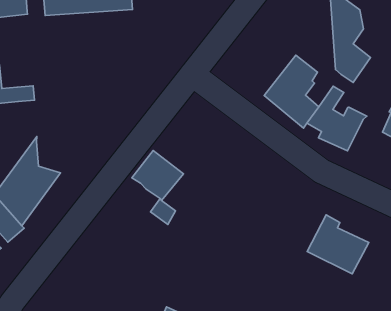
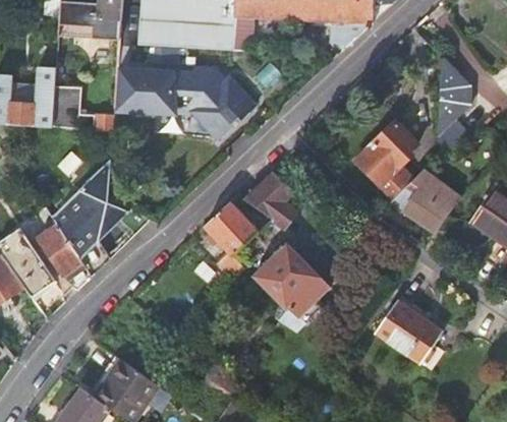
building: none -> [114,68,255,138]
building: none -> [243,173,294,227]
building: none -> [252,243,330,323]

